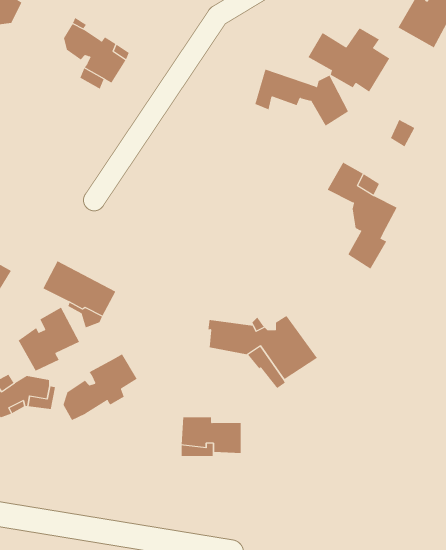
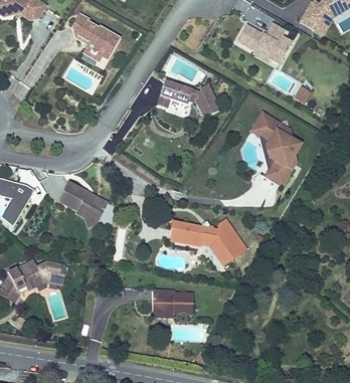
building: [255,69,349,126] -> [157,79,221,119]
building: [18,307,80,372] -> none
building: [63,353,138,421] -> none

